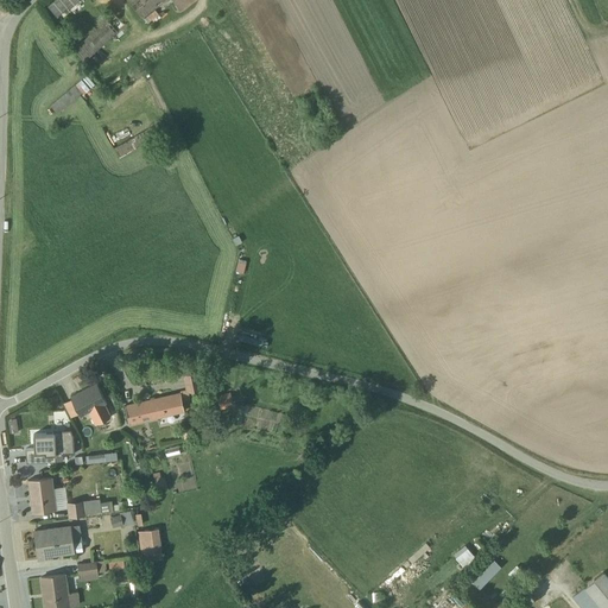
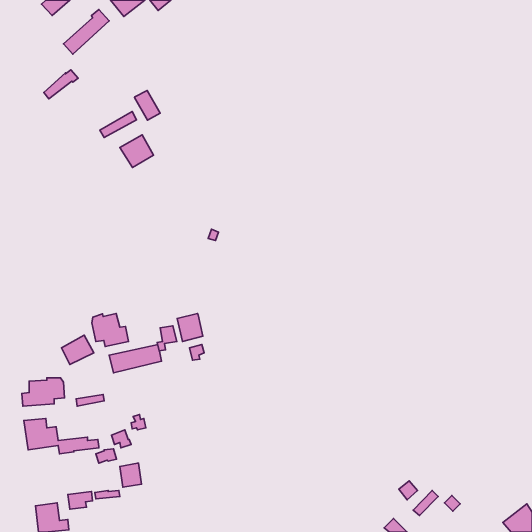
building: none -> [134,90,160,120]
building: none -> [120,135,153,167]
building: none -> [92,313,128,347]
building: none -> [177,314,203,341]
building: [34,525,82,559] -> none

